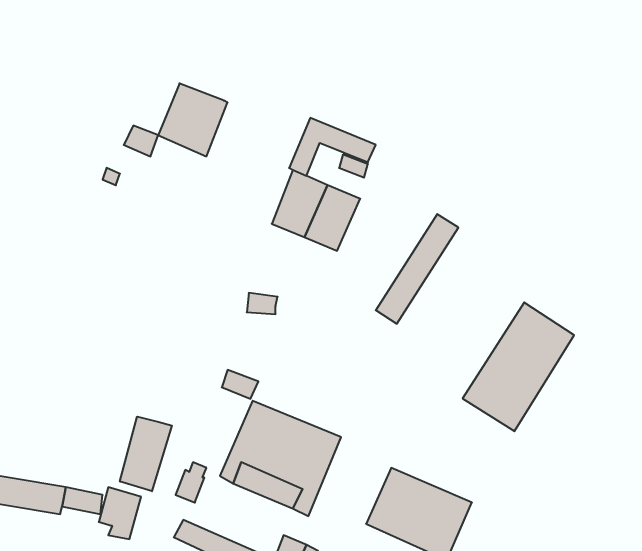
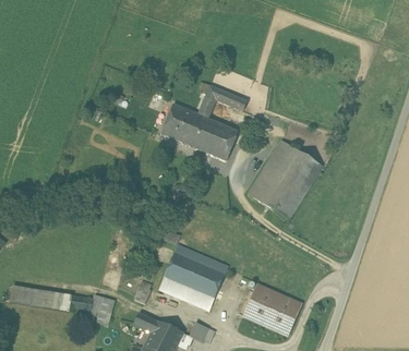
building: [158,83,228,156] -> [161,104,201,145]
building: [463,302,574,431] -> [260,147,323,220]
building: [120,417,172,491] -> none

